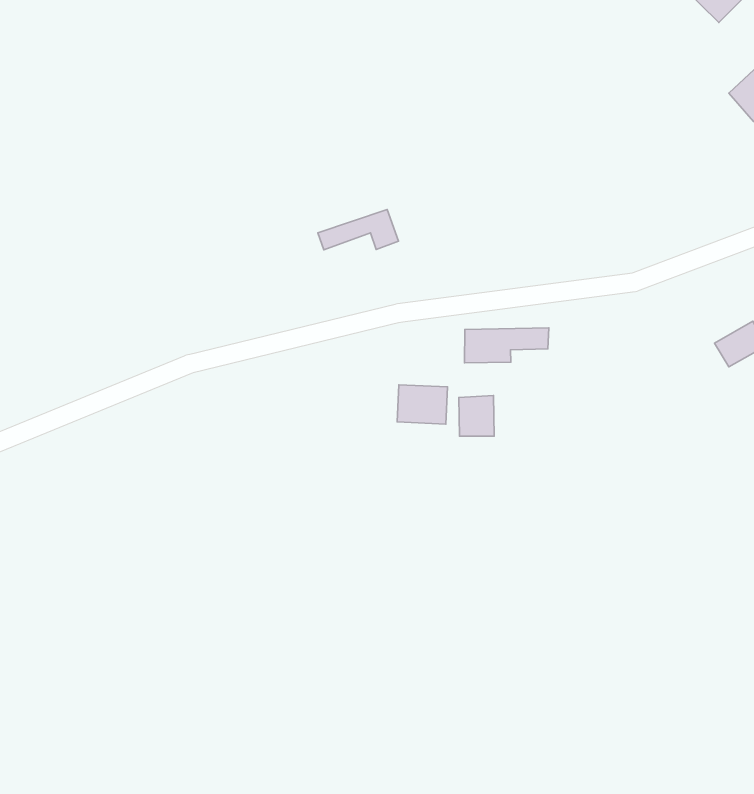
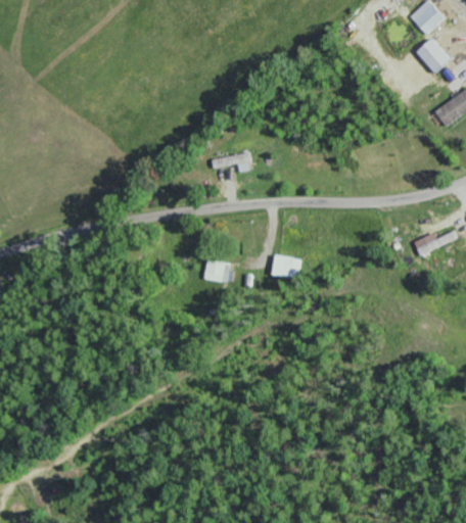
building: [464,328,549,363] -> none
building: [397,385,448,424] -> [204,259,233,283]

